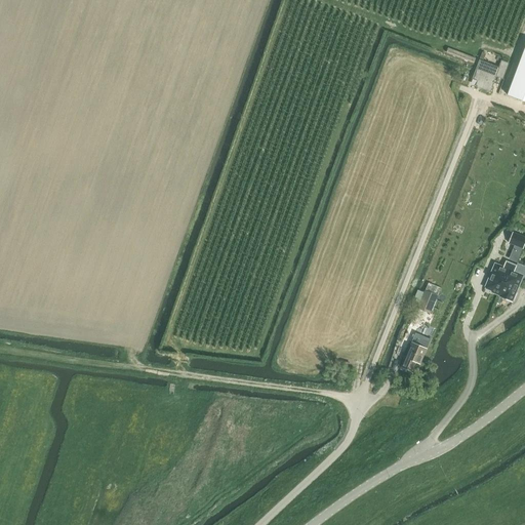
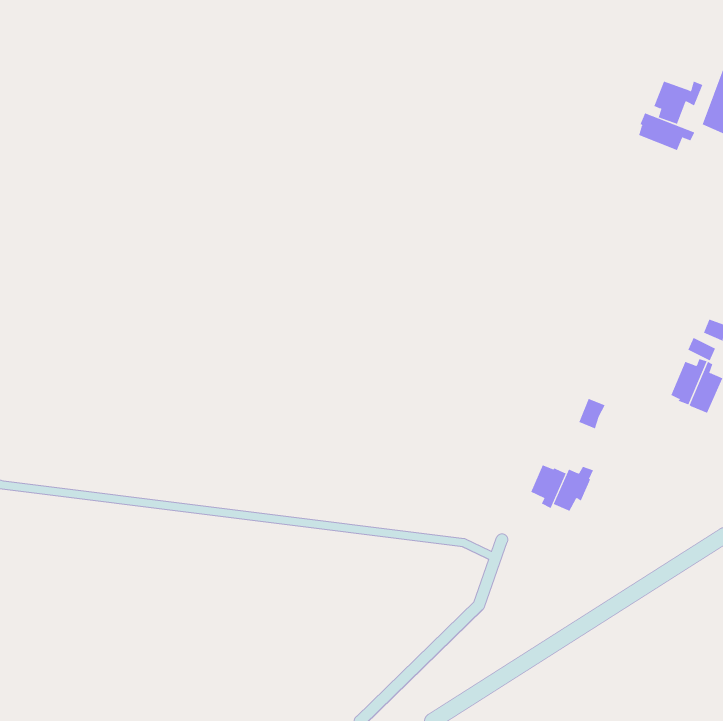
building: none -> [638,113,695,151]
building: none -> [530,465,567,509]

